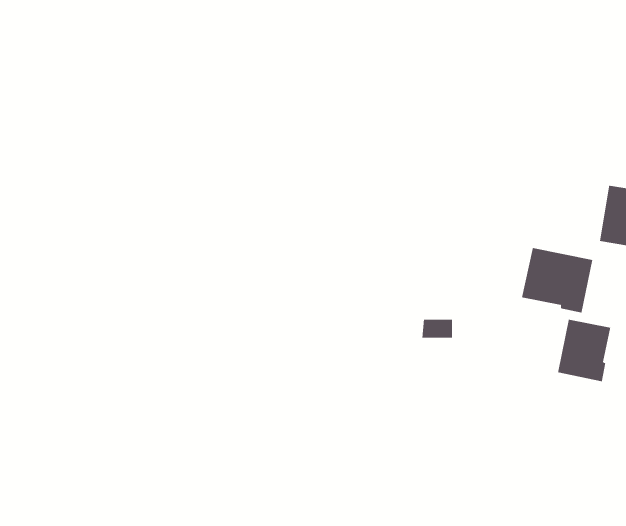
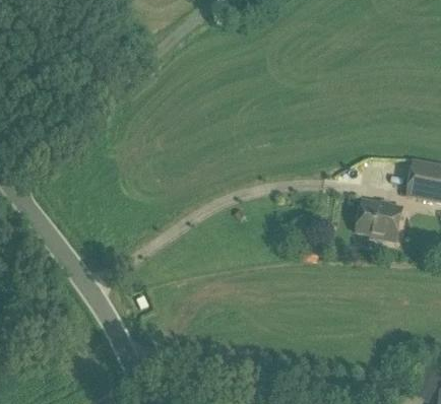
building: [557,319,611,382] -> none

